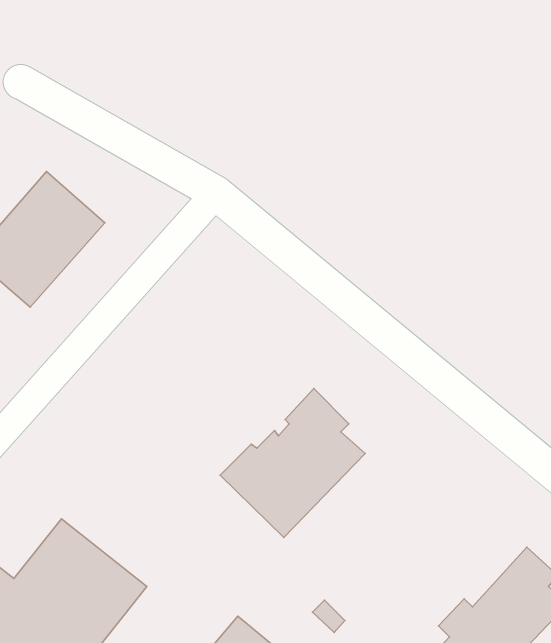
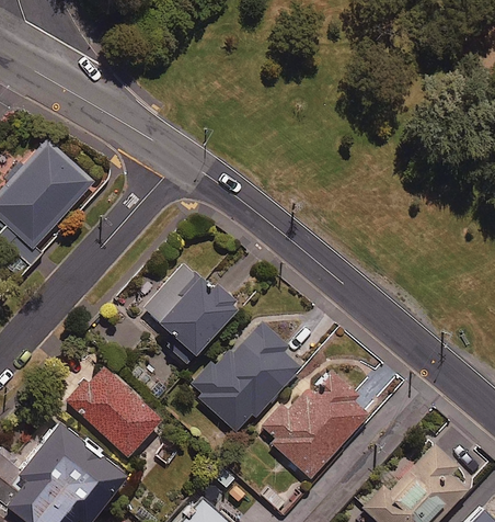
building: none -> [143,263,240,364]
building: none -> [69,364,162,457]
building: none -> [257,368,370,480]

